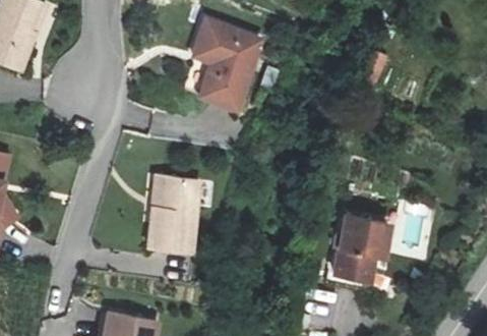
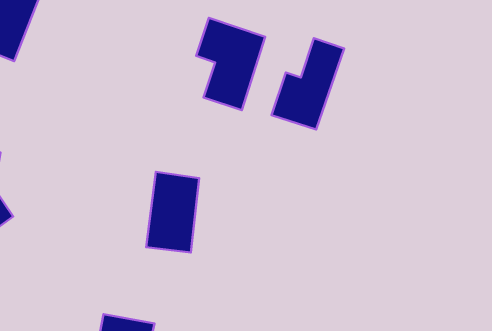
building: none -> [272,38,344,130]
building: [323,211,392,283] -> none

